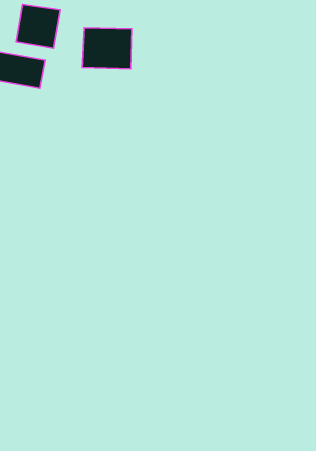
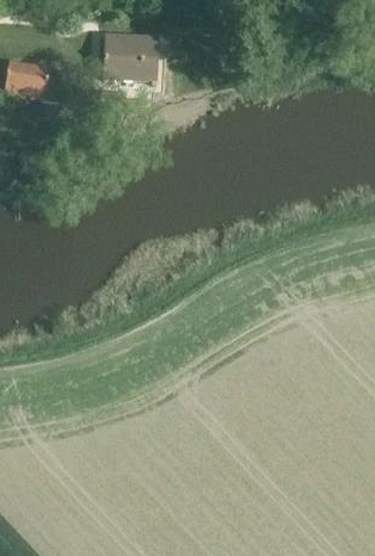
building: [16,4,60,48] -> none

